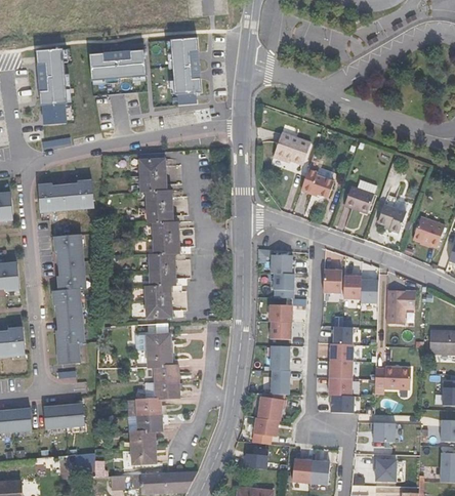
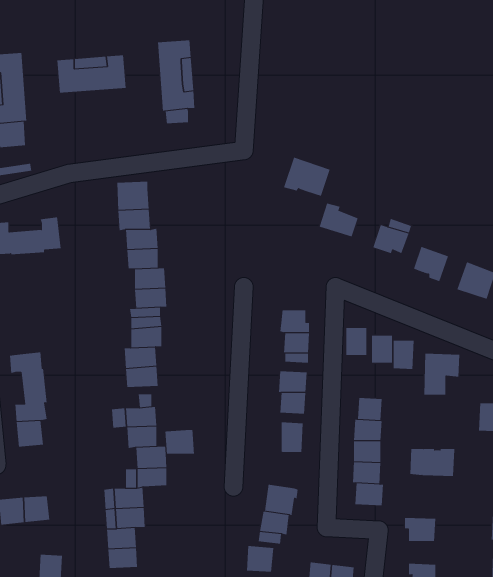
building: [53,235,84,291] -> none
building: none -> [165,429,194,454]
building: [271,370,290,395] -> none

